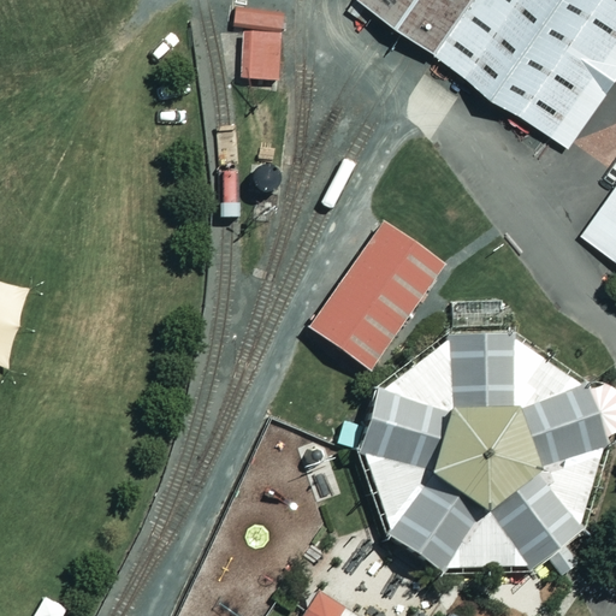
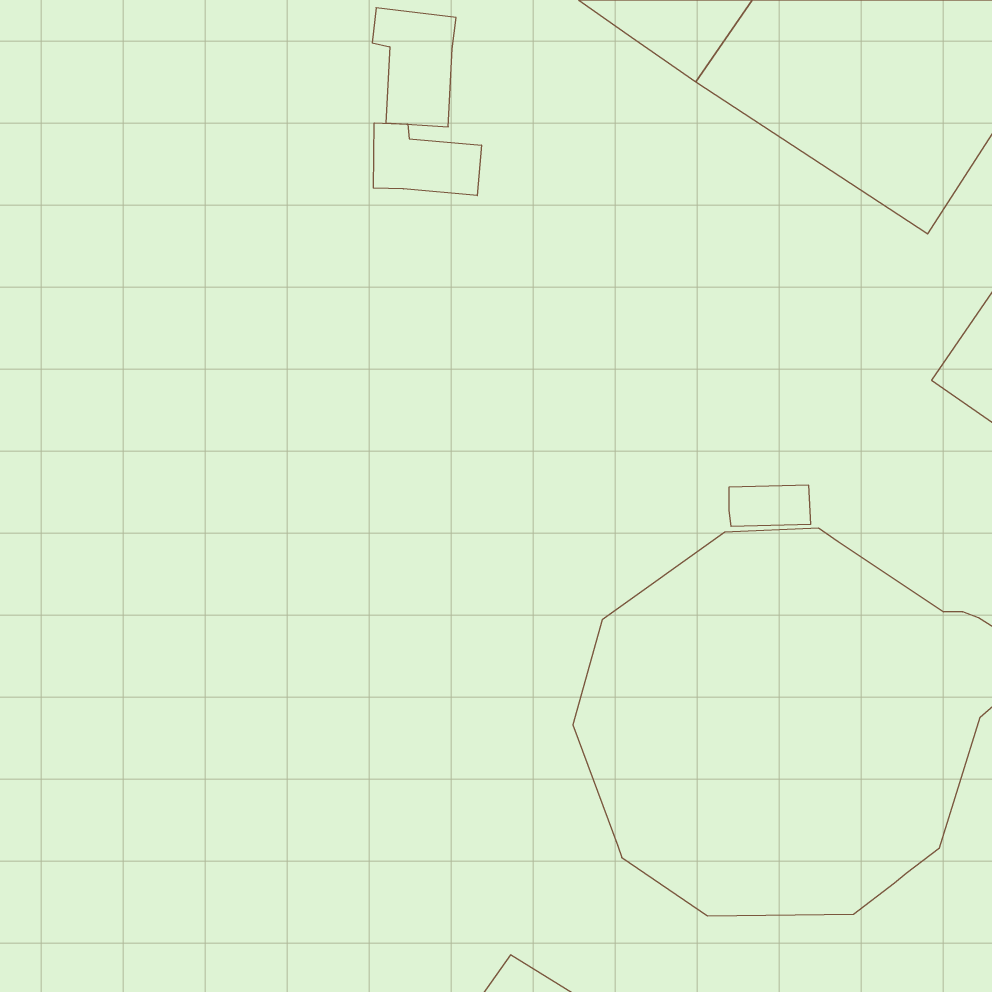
building: none -> [373,123,481,196]
building: [308,219,445,369] -> none

